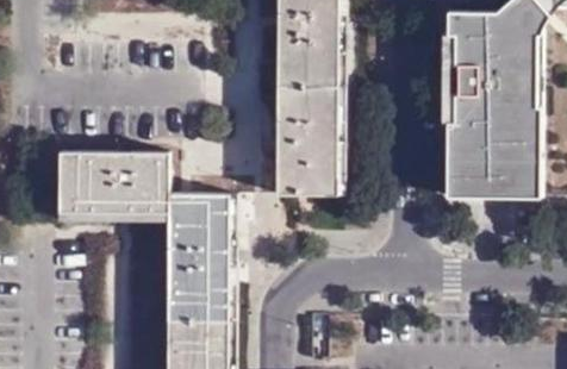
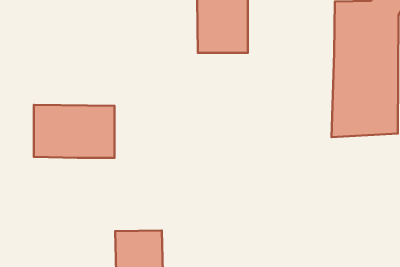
building: [275,82,342,195] -> none
building: [164,194,228,319] -> none

